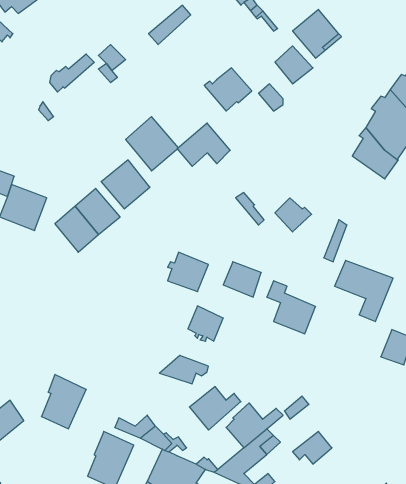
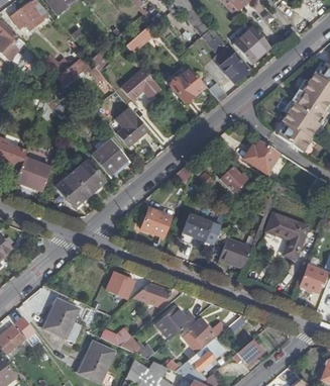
building: [177,123,230,166] -> [121,68,160,100]
building: none -> [243,139,280,173]
building: [188,306,223,341] -> [108,272,134,298]

